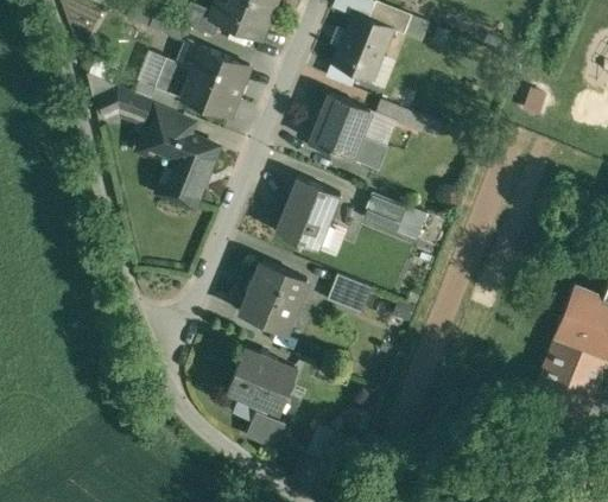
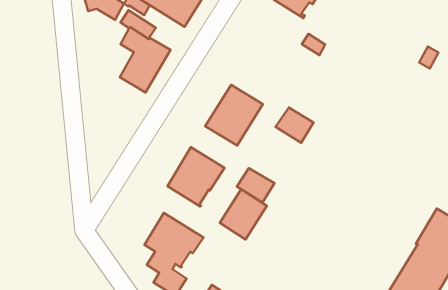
building: [311,95,387,170] -> none
building: none -> [220,189,267,239]

